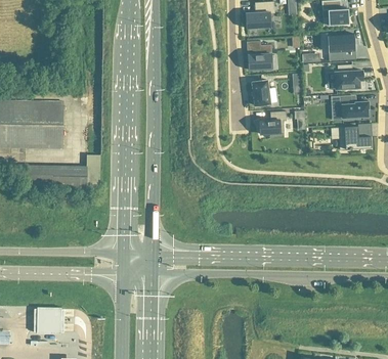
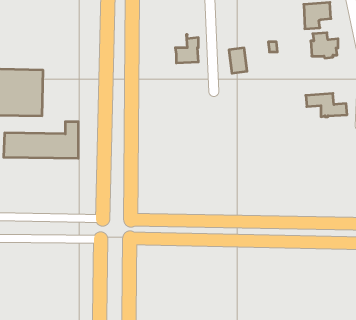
building: [248,41,271,70] -> [175,35,198,63]
building: [331,95,369,120] -> none
building: [259,110,286,134] -> none
building: [37,307,61,333] -> none

